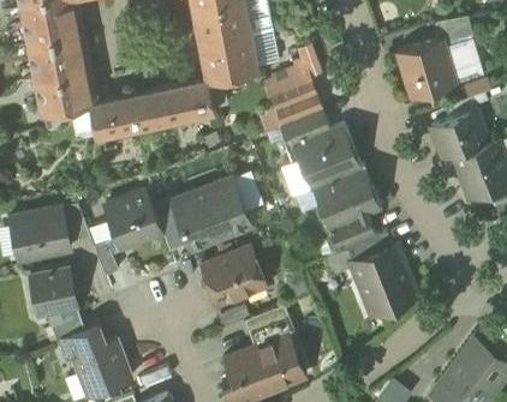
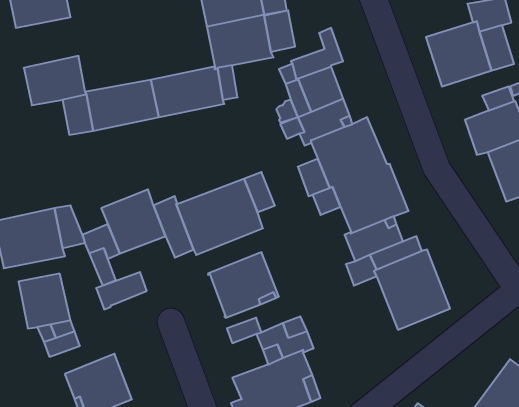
building: [28,35,84,80] -> none
building: [59,325,105,359] -> [96,272,147,309]

